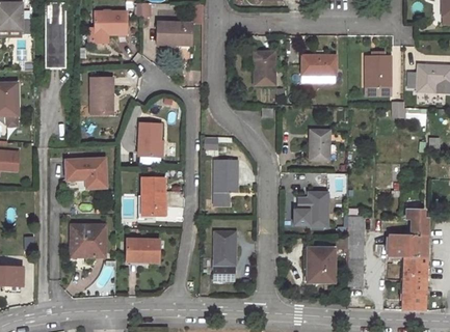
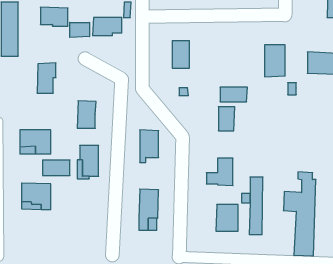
building: none -> [70,22,89,37]
building: [302,56,336,74] -> [220,87,247,102]
building: [127,240,160,258] -> [43,160,70,175]

